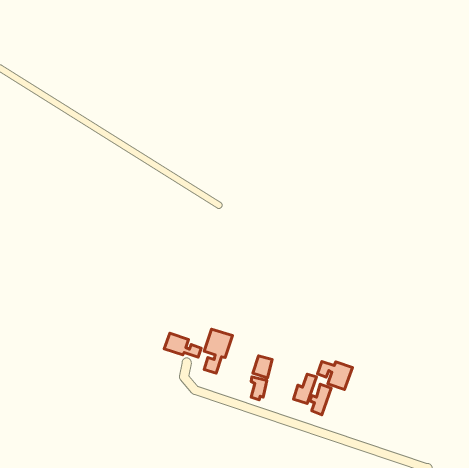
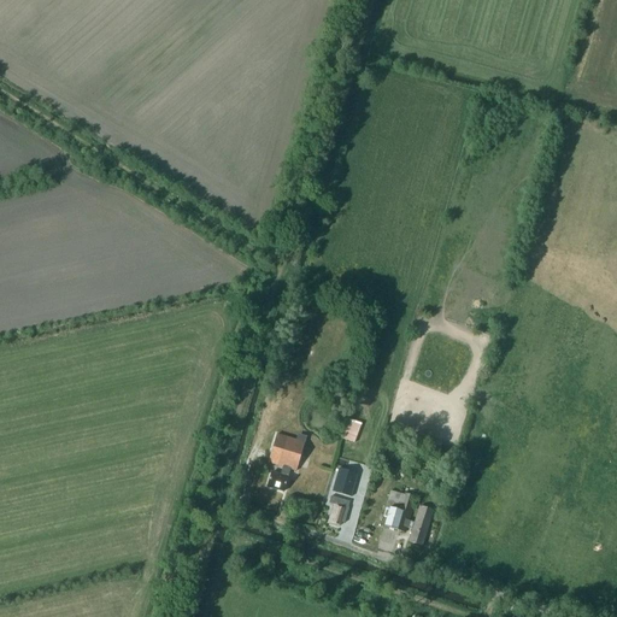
building: [164,333,201,357] -> none
building: [317,361,352,390] -> none

